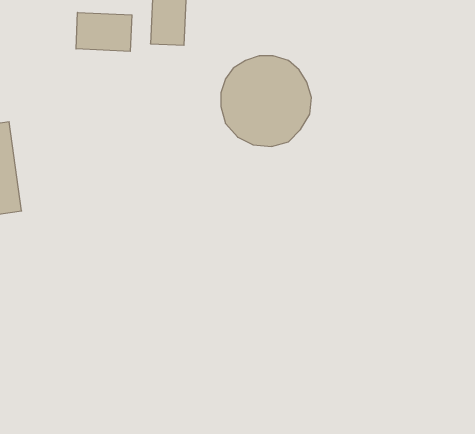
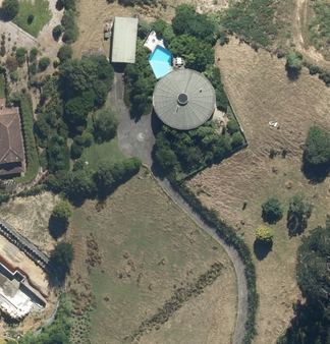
building: [76,12,132,51] -> none

